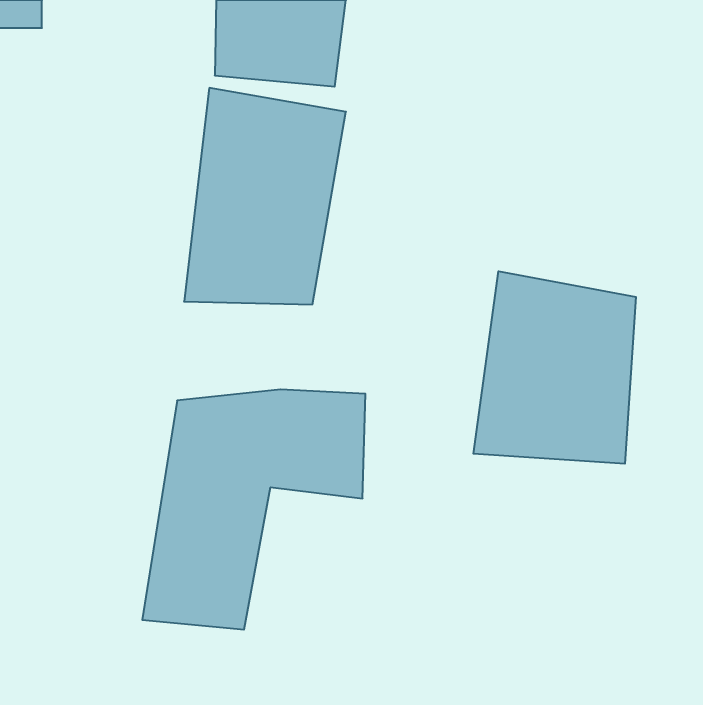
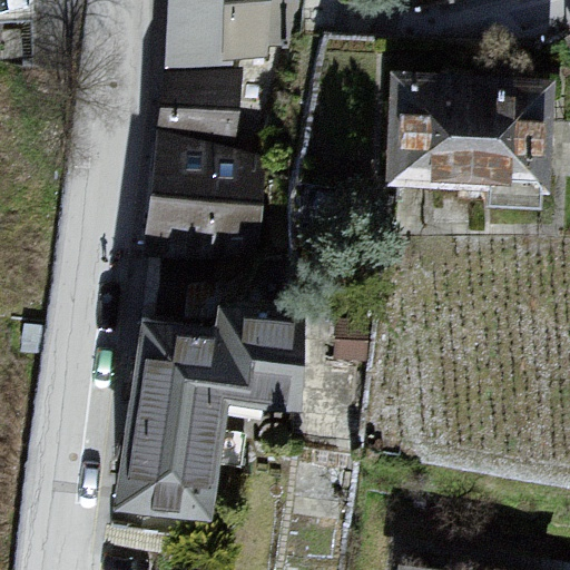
building: none -> [385,81,549,191]
building: [473,271,636,464] -> none

